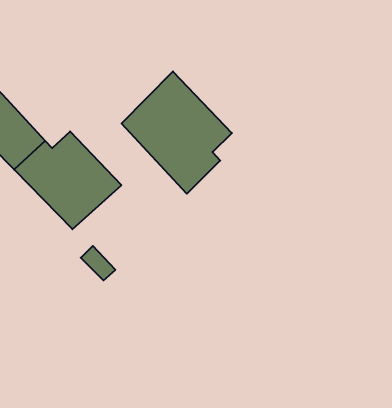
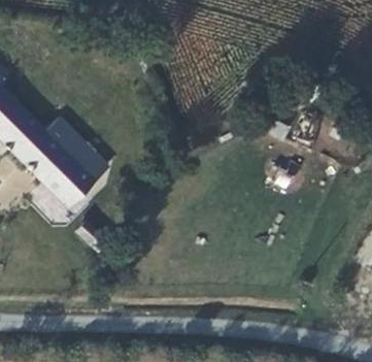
building: [122,71,232,194] -> none

